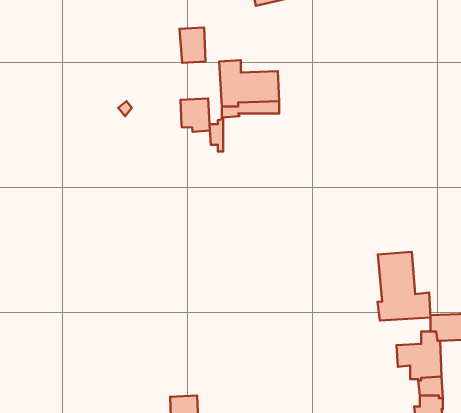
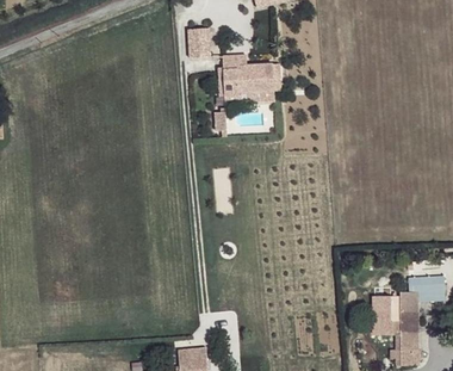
building: [180,98,210,132] -> none
building: [378,252,431,321] -> none

